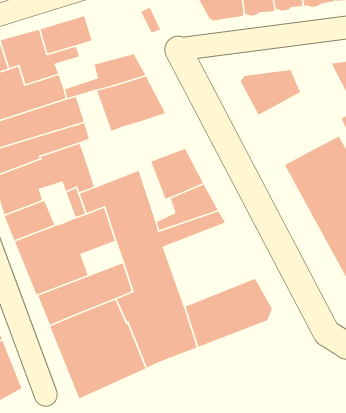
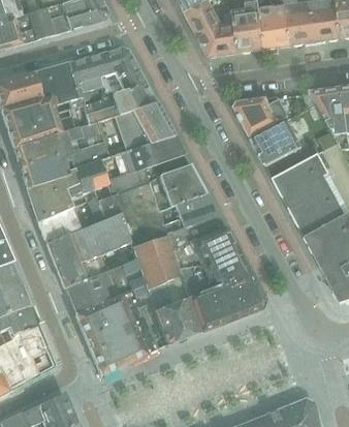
building: none -> [104,47,146,90]
building: none -> [252,121,303,178]
building: none -> [108,134,183,196]
building: none -> [170,226,248,297]

